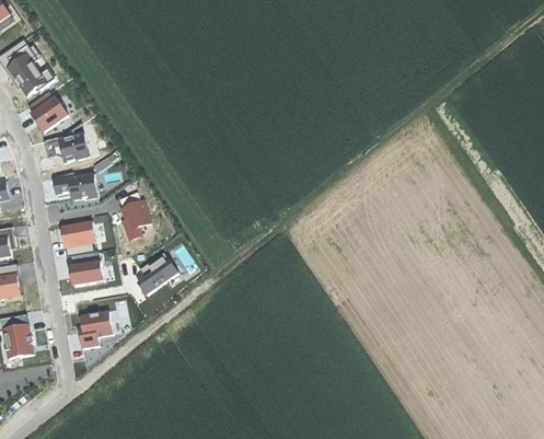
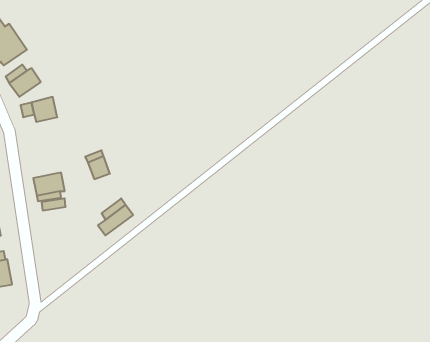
building: [51,174,97,201] -> none
building: [68,263,103,285] -> none
building: [74,311,109,348] -> none

